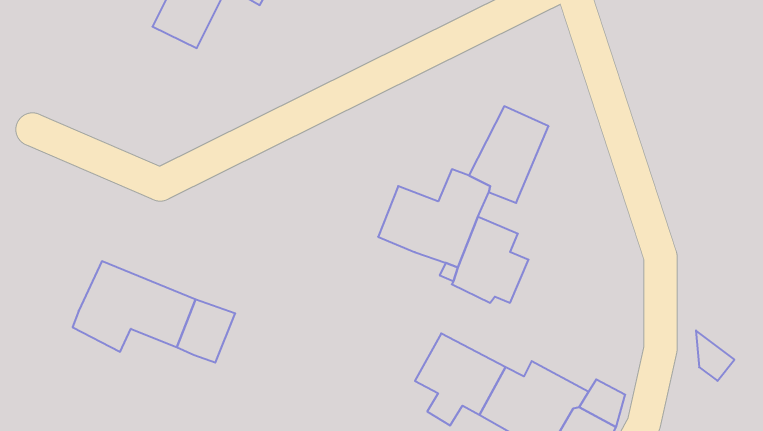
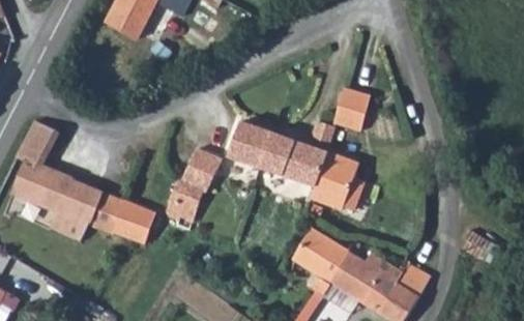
building: none -> [228,116,274,165]
building: none -> [13,118,77,214]
building: none -> [166,145,227,218]

